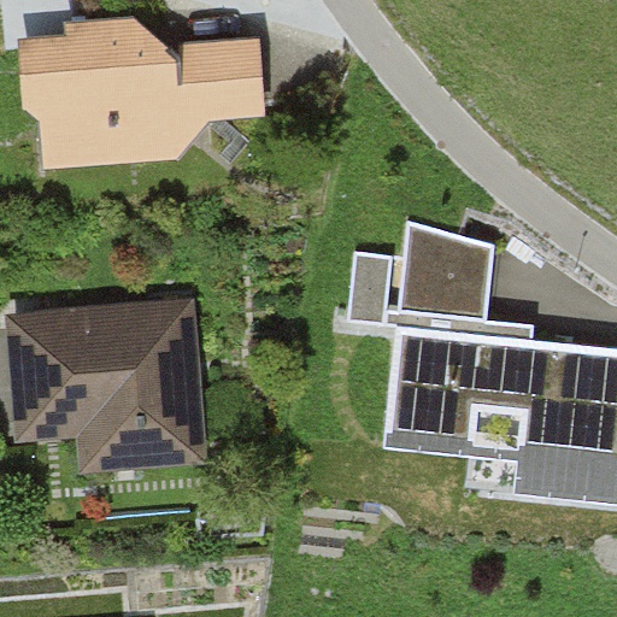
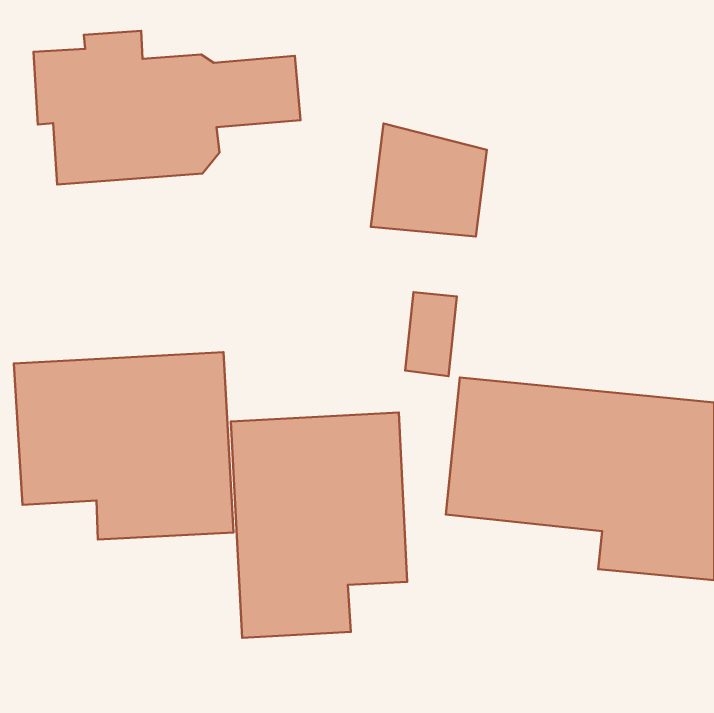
building: [399,223,499,321] -> [371,123,487,237]
building: none -> [231,413,407,638]

